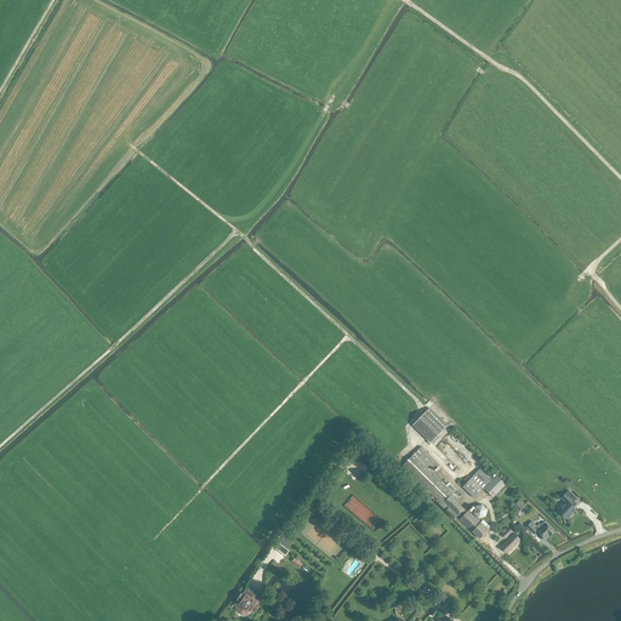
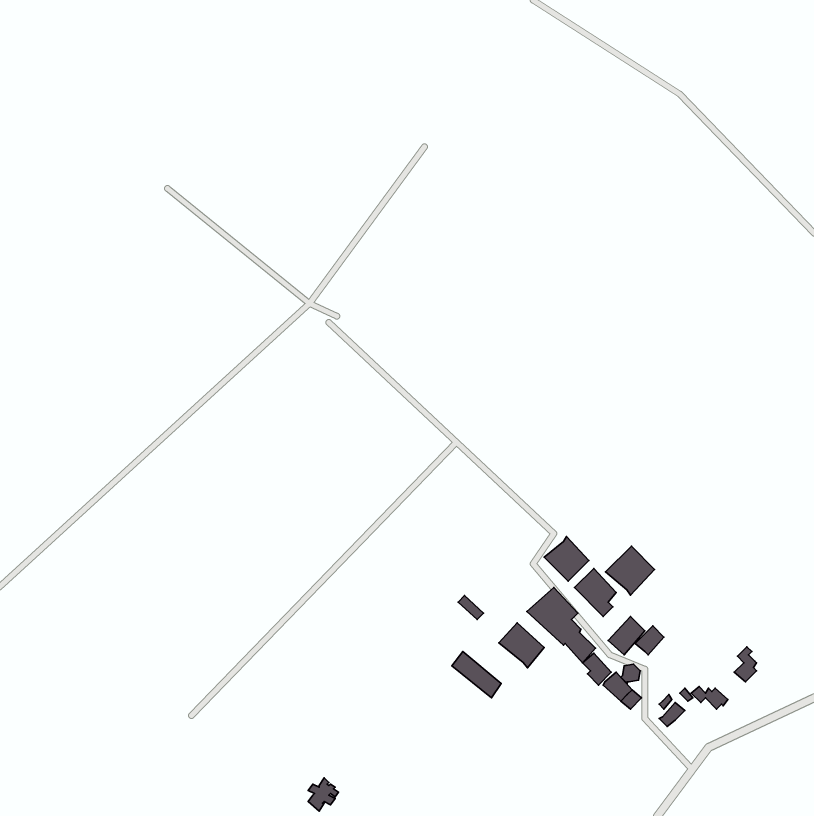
building: none -> [606,546,655,595]
building: none -> [499,623,544,668]

